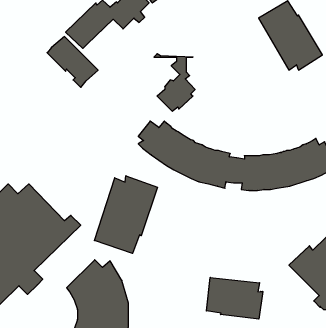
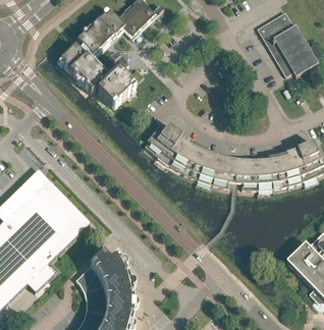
building: [154,54,195,111] -> [94,52,132,106]
building: [94,176,157,253] -> none
building: [206,277,263,319] -> none

